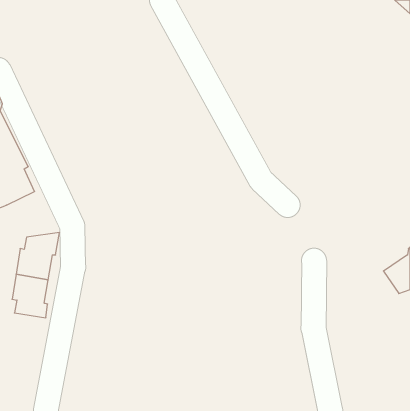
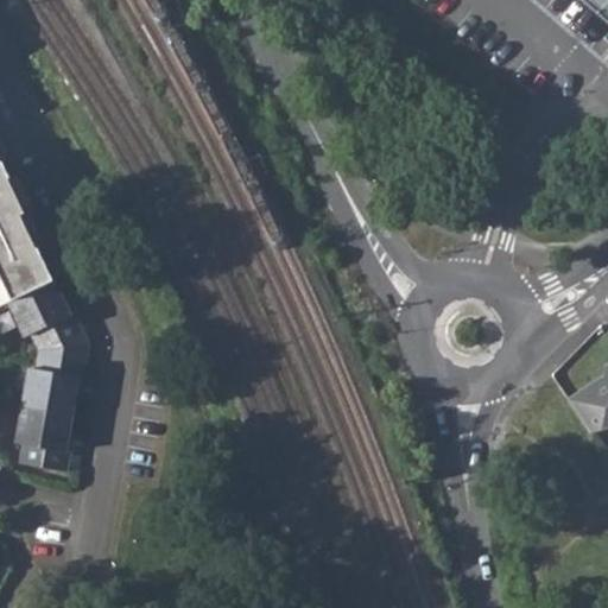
building: none -> [10,283,88,350]

